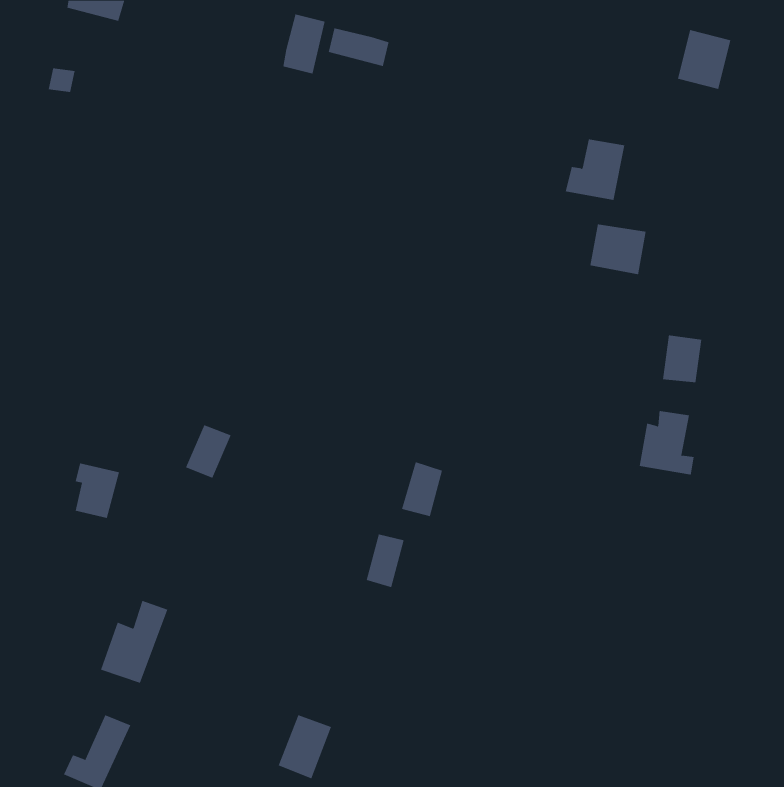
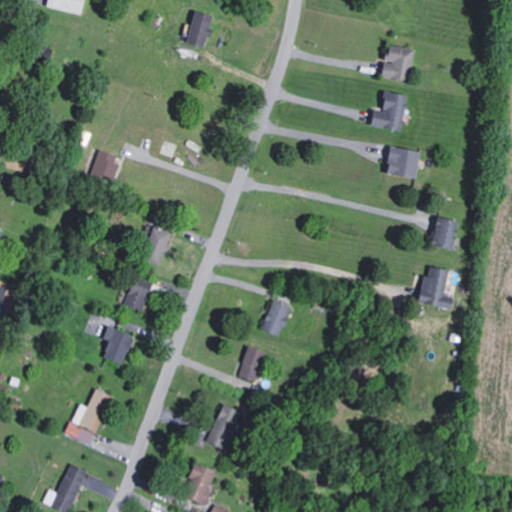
building: [328,28,389,67] -> none
building: [677,29,731,90] -> [380,44,415,83]
building: none -> [91,150,120,181]
building: none -> [142,228,172,265]
building: [75,463,120,518] -> [103,328,132,364]
building: none -> [207,404,242,451]

